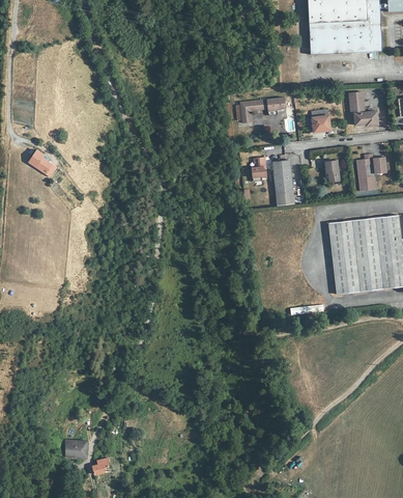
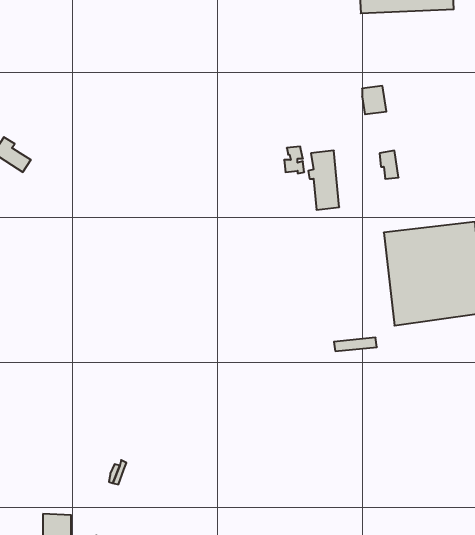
building: [347,91,377,125] -> none
building: [239,96,285,122] -> none
building: [355,154,385,191] -> none

